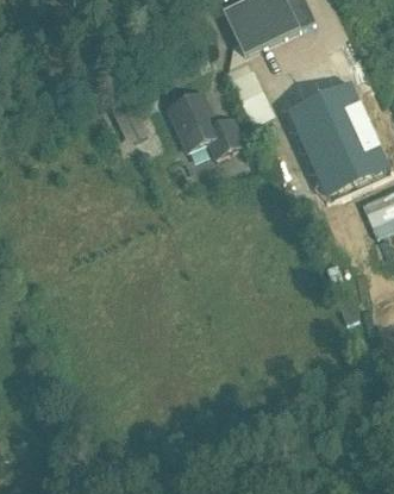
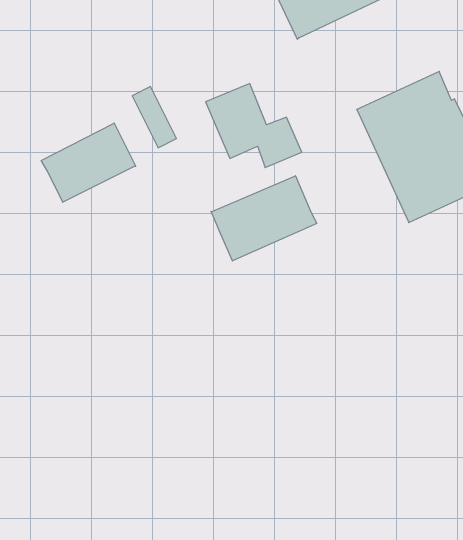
building: none -> [41,123,136,202]
building: none -> [211,176,317,261]

